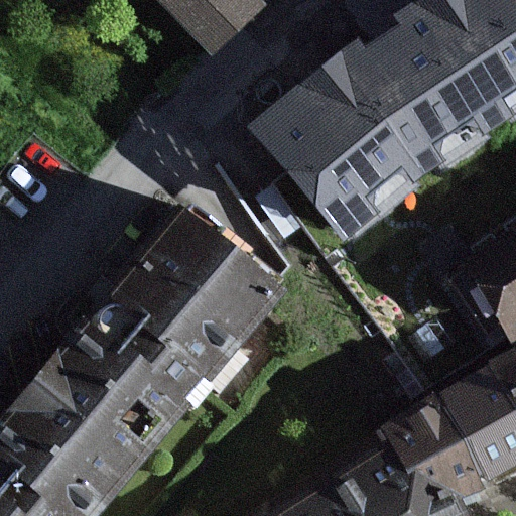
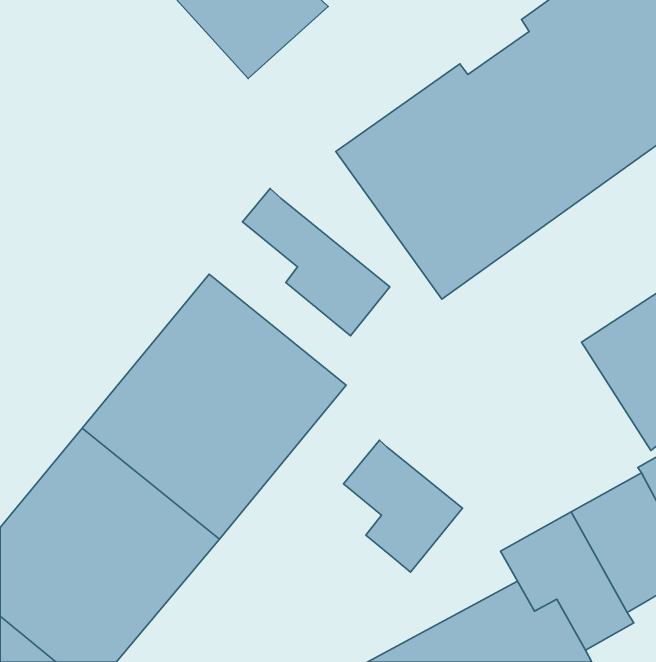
building: none -> [243,189,390,336]
building: none -> [344,440,463,572]

